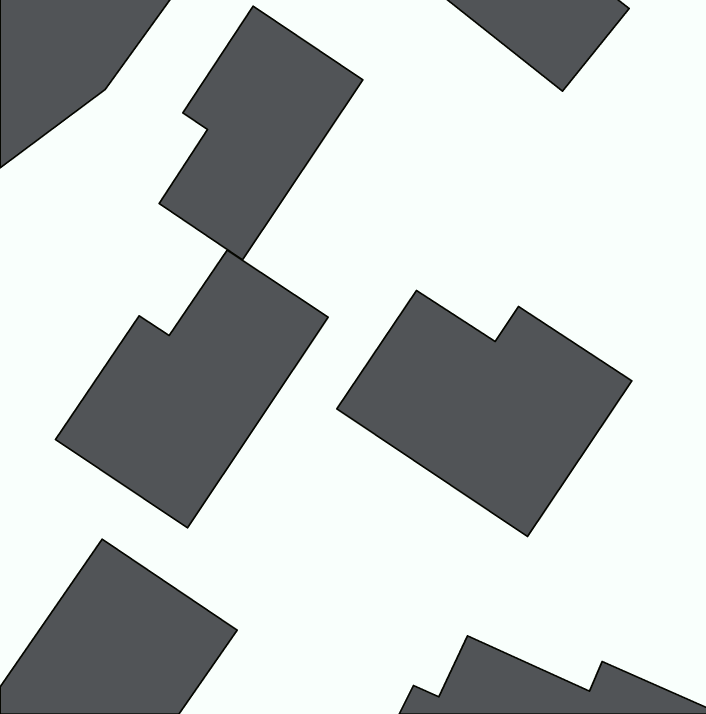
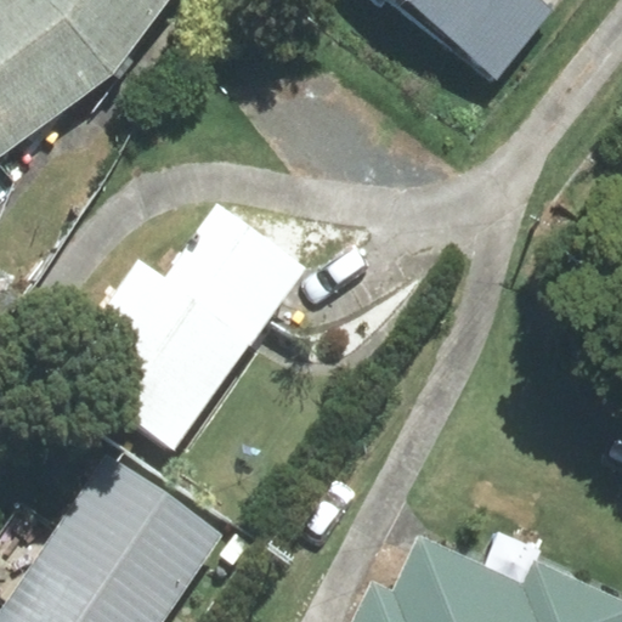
building: [159,6,363,260] -> none
building: [337,290,632,536] -> none

